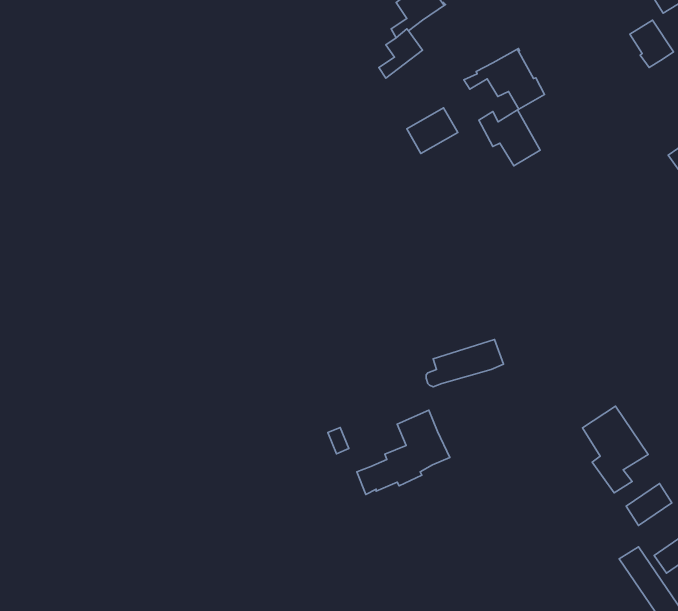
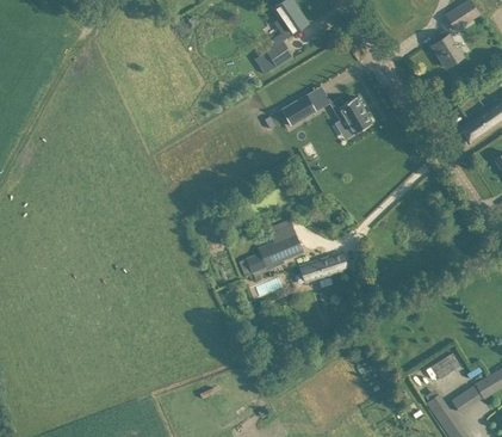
building: [464,48,545,109] -> none
building: [582,406,648,493] -> none
building: [357,410,450,495] -> [240,219,303,276]

